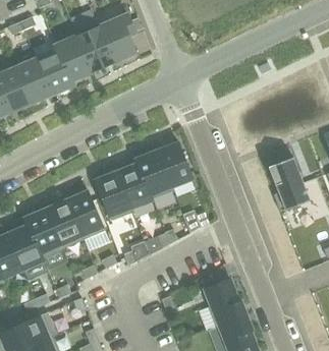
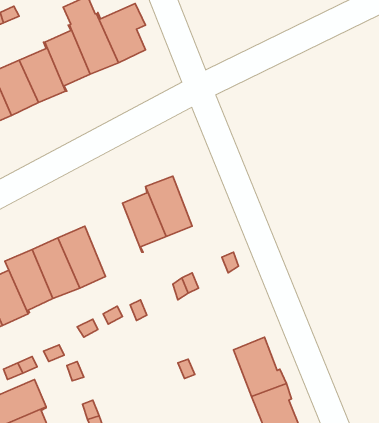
building: [157,142,193,190] -> none
building: [268,157,310,211] -> none
building: [95,172,132,220] -> none

